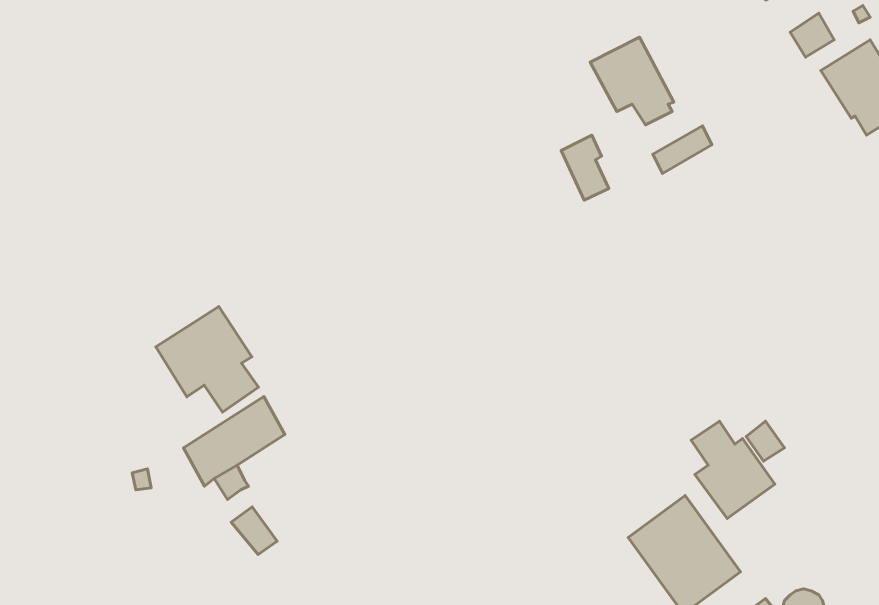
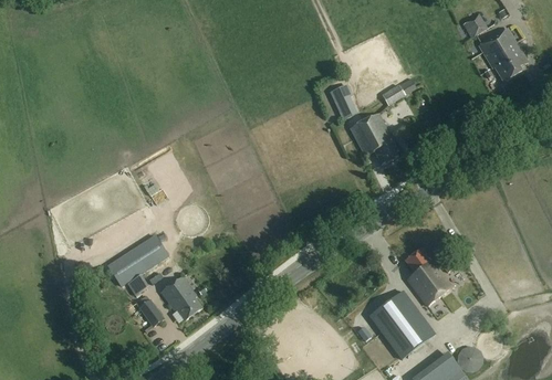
building: [590,37,674,125] -> [350,114,398,165]
building: [156,306,259,412] -> none
building: none -> [163,277,201,320]

